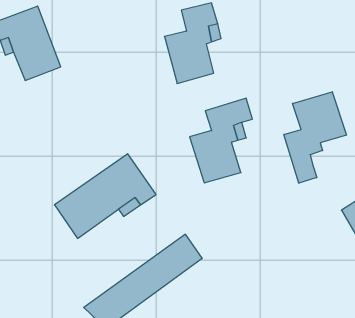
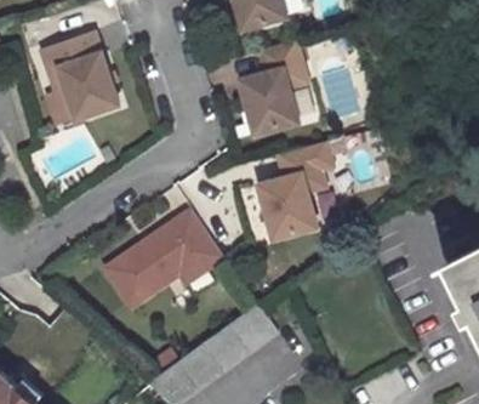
building: [284,92,346,183] -> none

